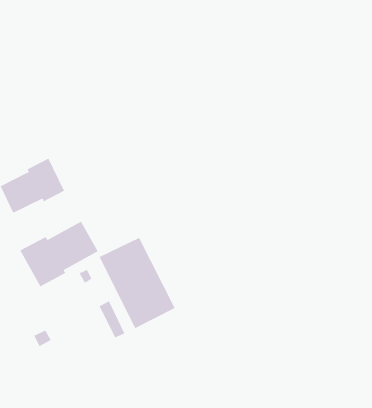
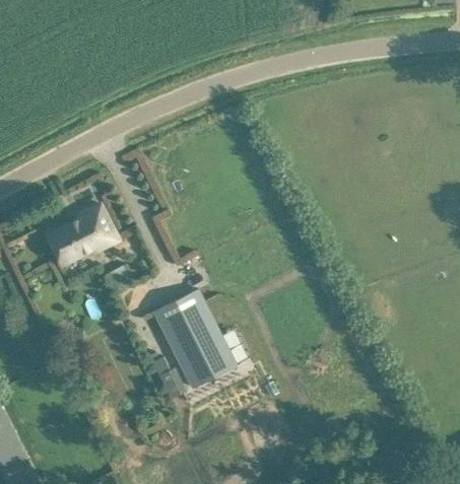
building: [19,221,98,287] -> none

